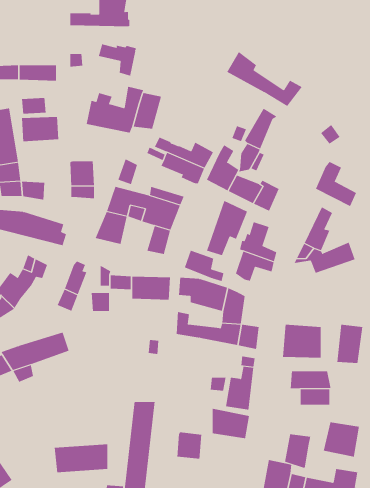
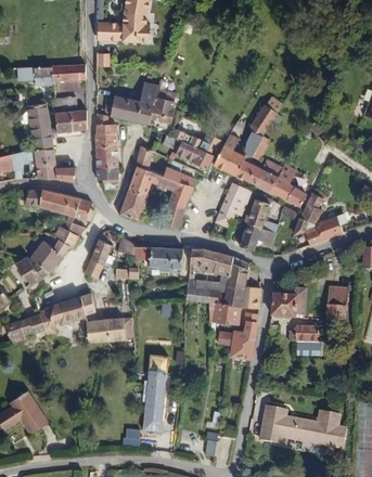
building: [98,43,136,77] -> none
building: [227,51,302,107] -> none
building: none -> [99,115,117,147]
building: [315,161,357,207] -> [268,167,304,206]
building: [184,250,224,282] -> none
building: [212,408,250,439] -> [208,299,241,325]
building: [323,421,360,458] -> none
building: [177,431,202,460] -> none
building: [285,433,311,469] -> none
building: [54,444,108,473] -> [86,318,132,343]

